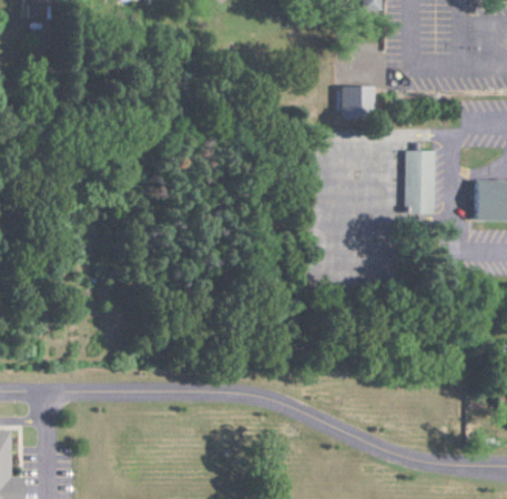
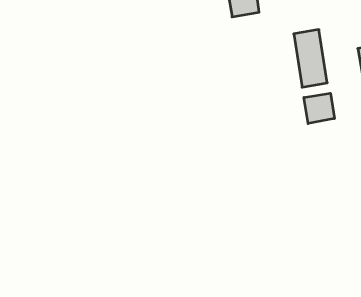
building: none -> [304,93,334,124]

